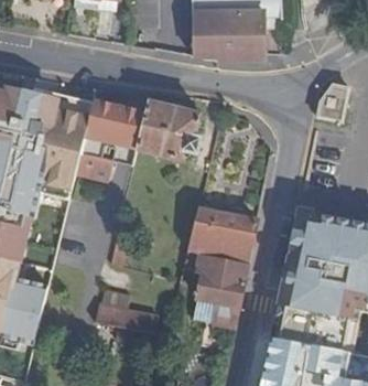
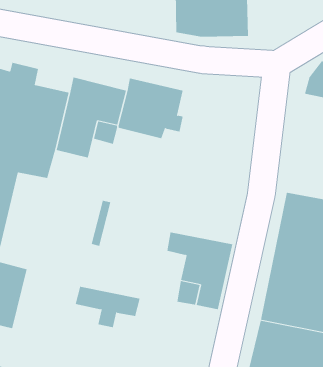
building: [186,208,257,262] -> none

